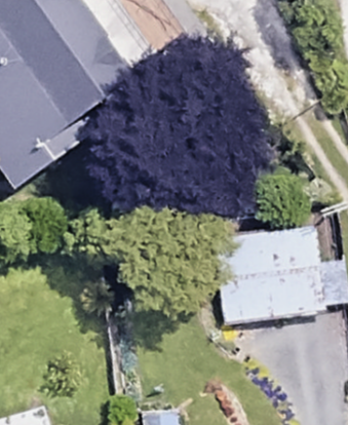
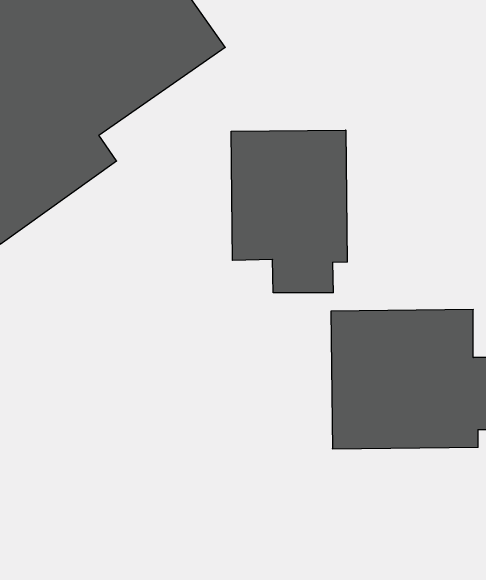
building: none -> [231,130,347,293]

